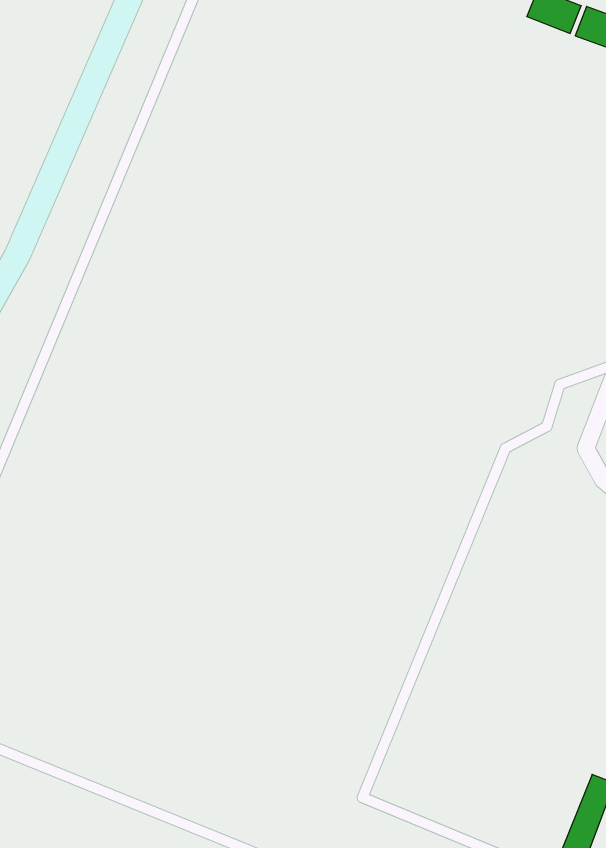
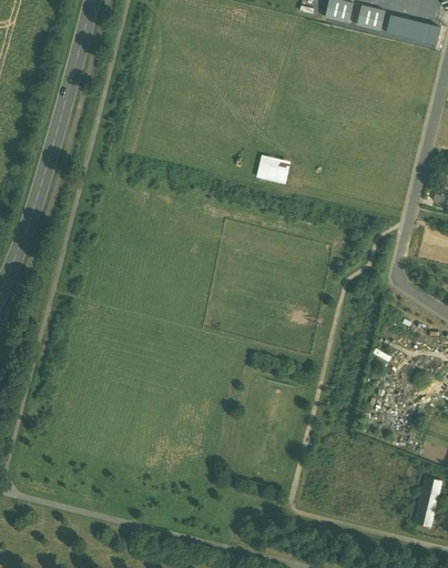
building: none -> [257,156,289,182]

